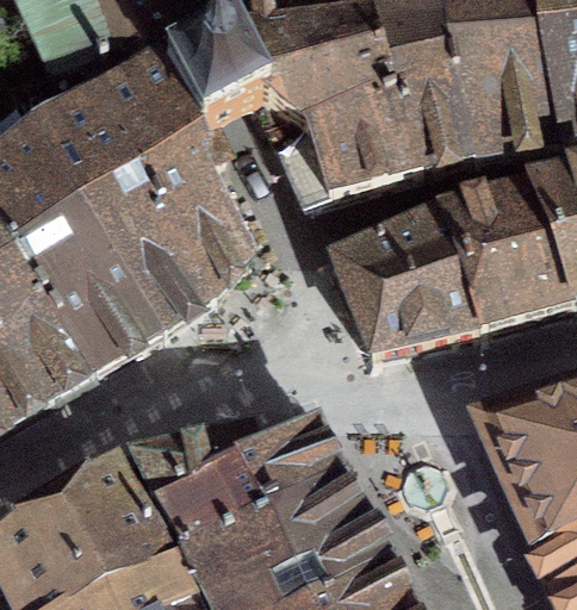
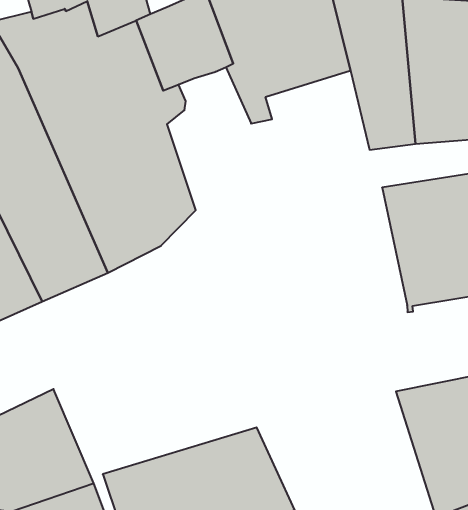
building: [286,88,423,203] -> none
building: [333,207,483,360] -> none
building: [131,419,339,542] -> none

